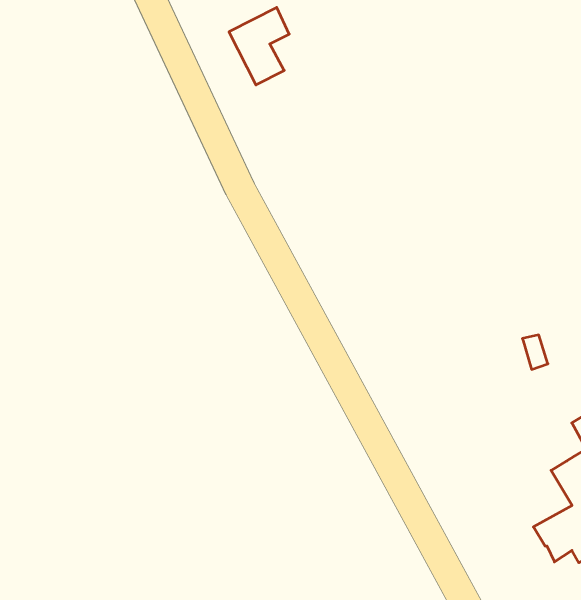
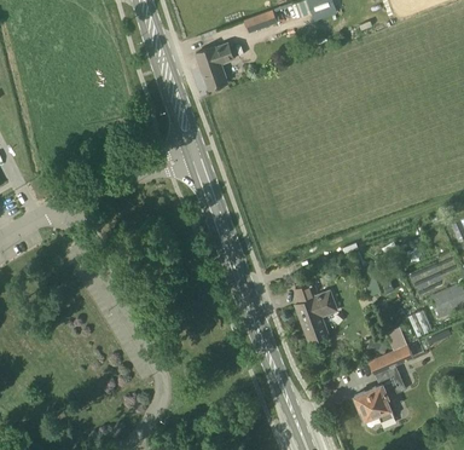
building: none -> [295,283,334,342]

